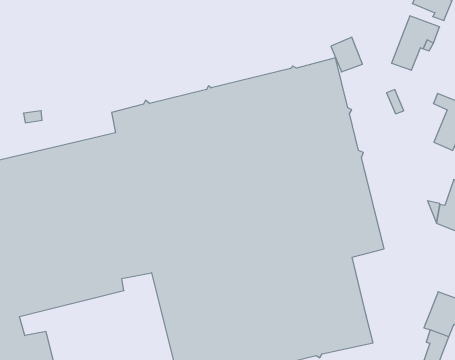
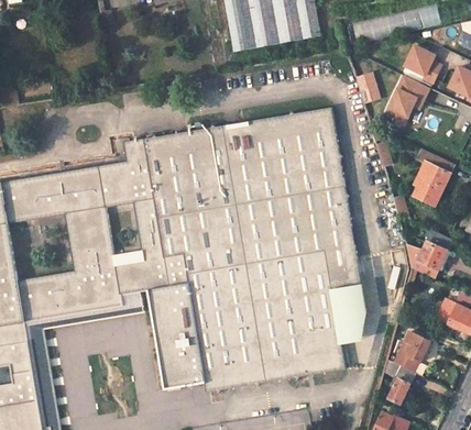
building: [331,37,362,72] -> [353,68,381,99]
building: none -> [332,287,366,346]

